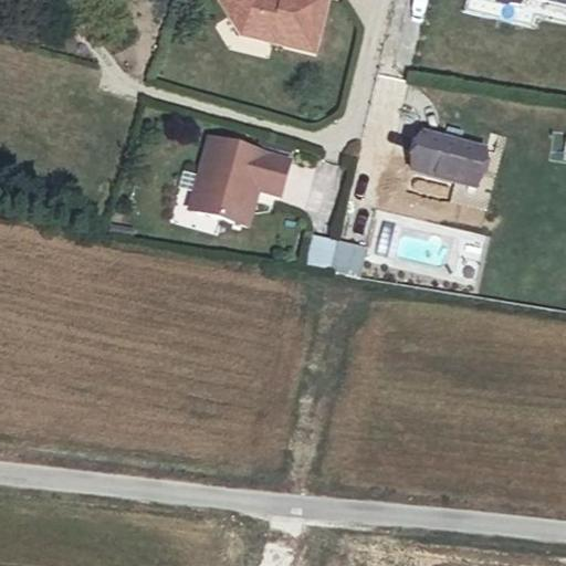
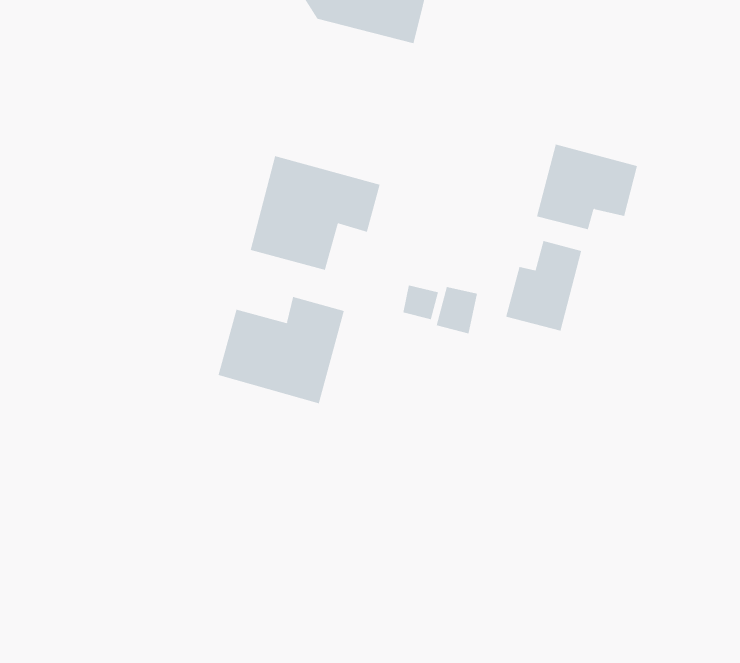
building: none -> [506,240,582,331]
building: none -> [218,296,345,404]

